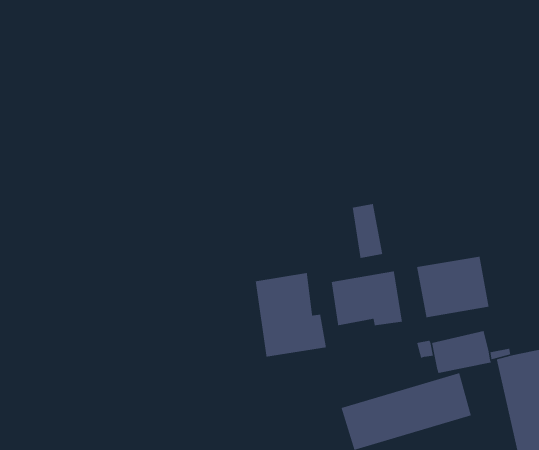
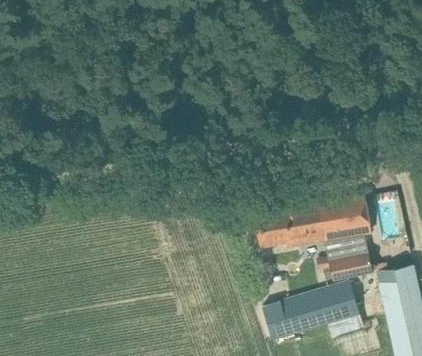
building: [352,203,383,259] -> [302,204,325,245]
building: [255,272,327,358] -> none

